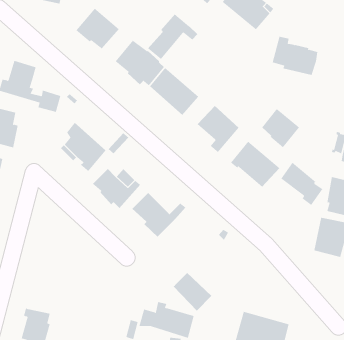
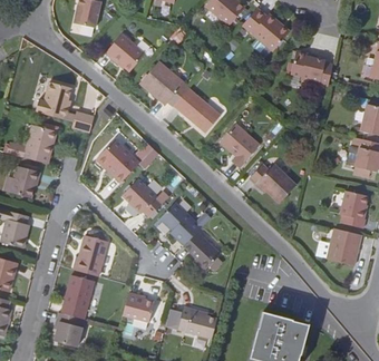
building: [147,14,198,60] -> none
building: [261,108,300,148] -> none
building: [281,162,323,206] -> none
building: none -> [72,233,107,274]
building: none -> [61,273,96,318]
building: [173,272,212,311] -> [182,233,218,270]
building: none -> [122,290,155,322]

